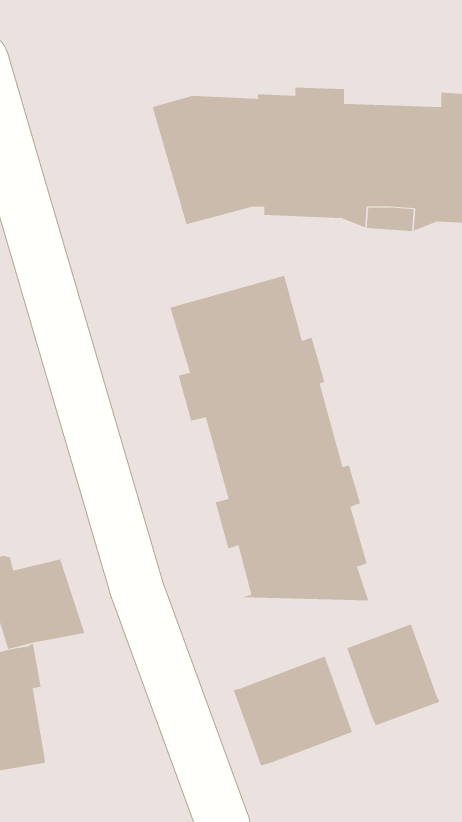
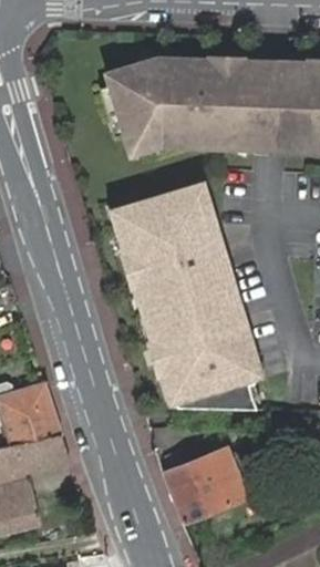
building: [347,624,440,726] -> none
building: none -> [25,433,70,470]

